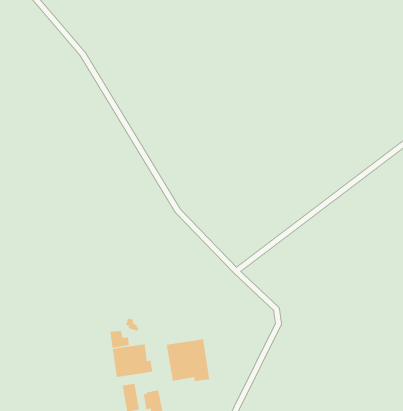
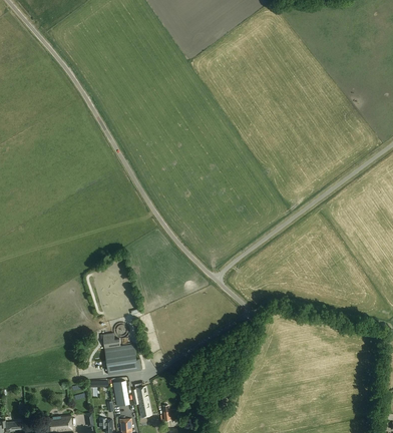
building: [166,338,210,382] -> none

